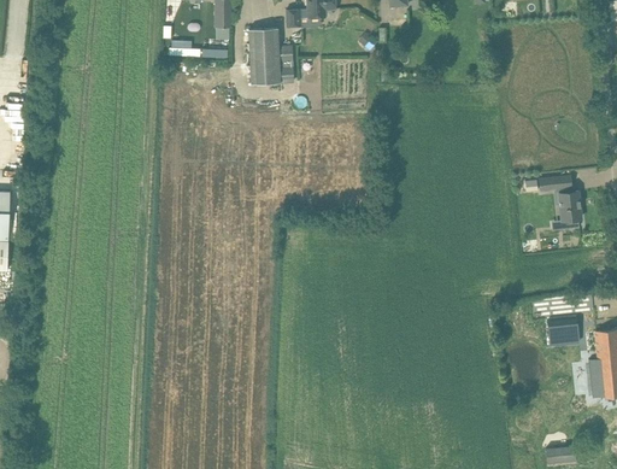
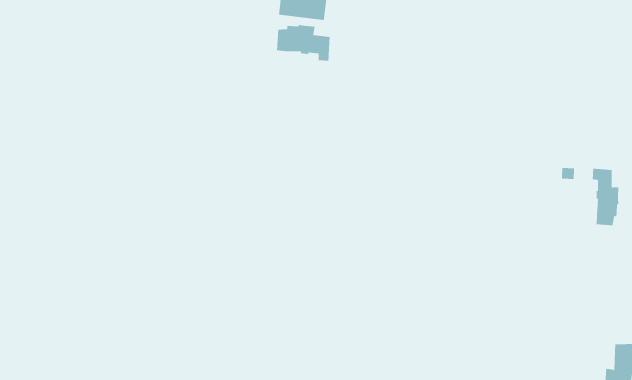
building: none -> [276,24,331,62]
building: [547,317,578,346] -> none

